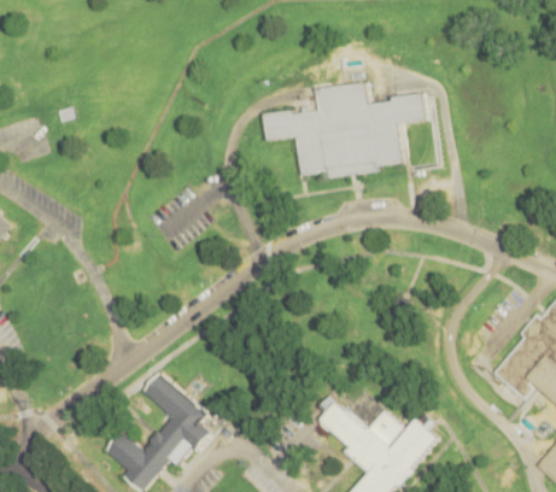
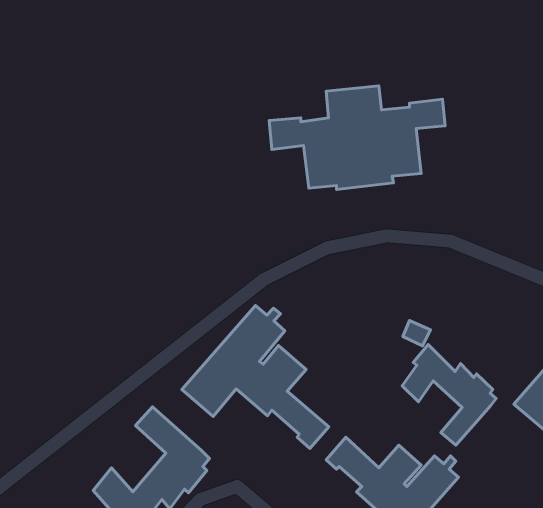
building: none -> [182,305,329,448]
building: none -> [402,345,496,445]

